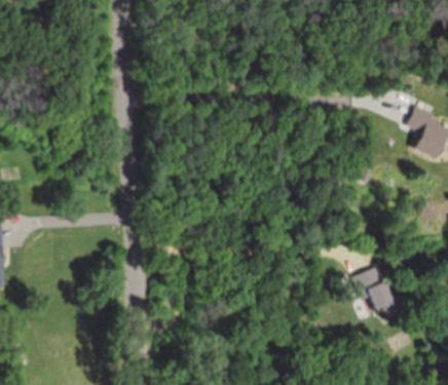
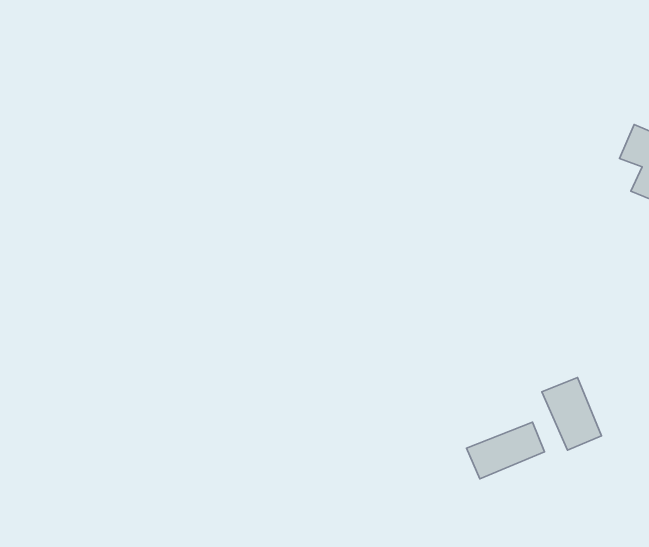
building: none -> [467,422,545,479]

